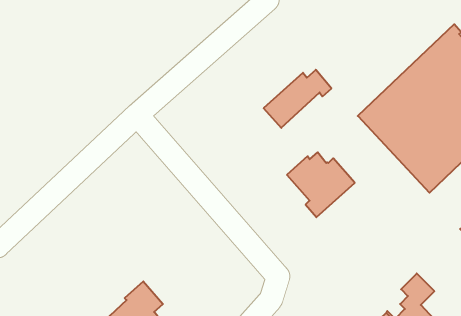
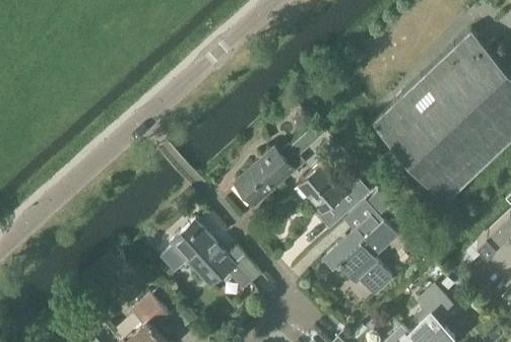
building: [264,70,331,128] -> [234,146,304,206]
building: none -> [323,218,399,296]
building: none -> [161,221,259,287]

